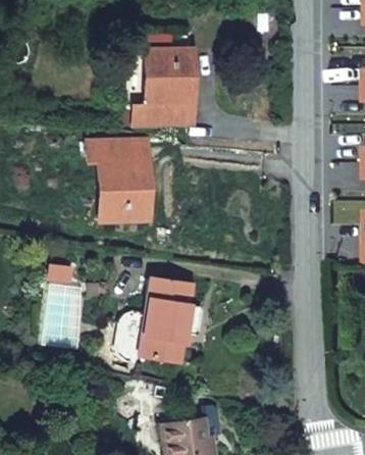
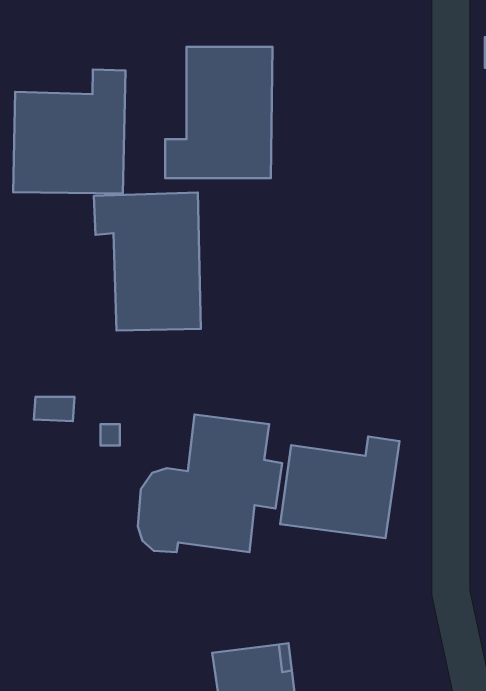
building: none -> [13,70,125,193]
building: none -> [280,437,399,538]

